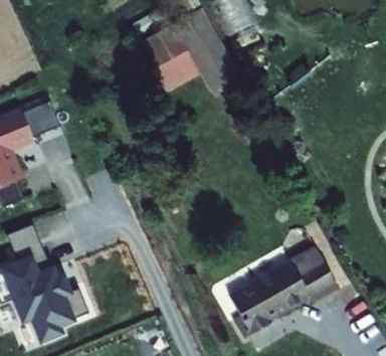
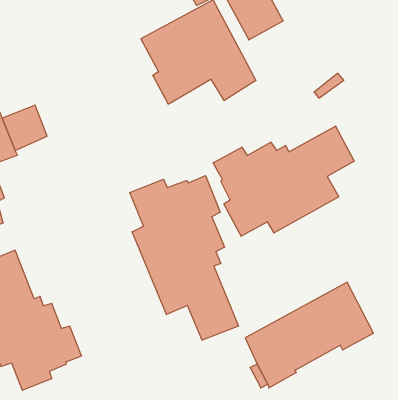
building: none -> [213,126,354,236]
building: none -> [130,176,238,340]

